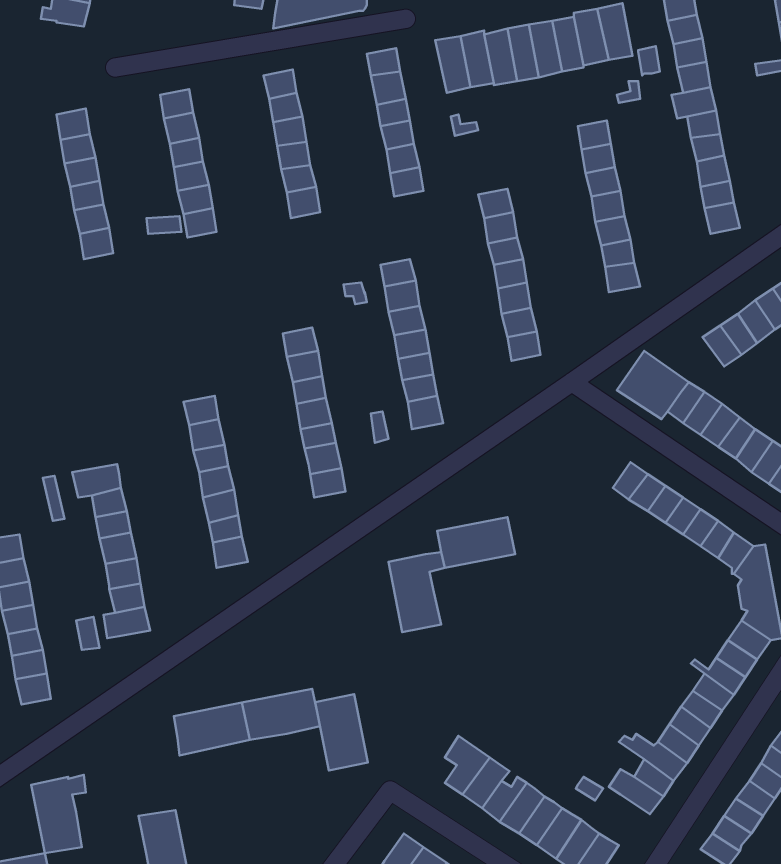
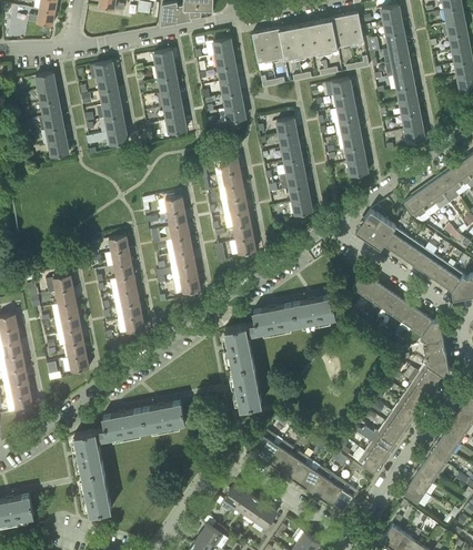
building: none -> [292,297,335,326]
building: [315,694,368,770] -> [232,366,262,409]
building: [31,775,86,853] -> [74,430,105,475]

